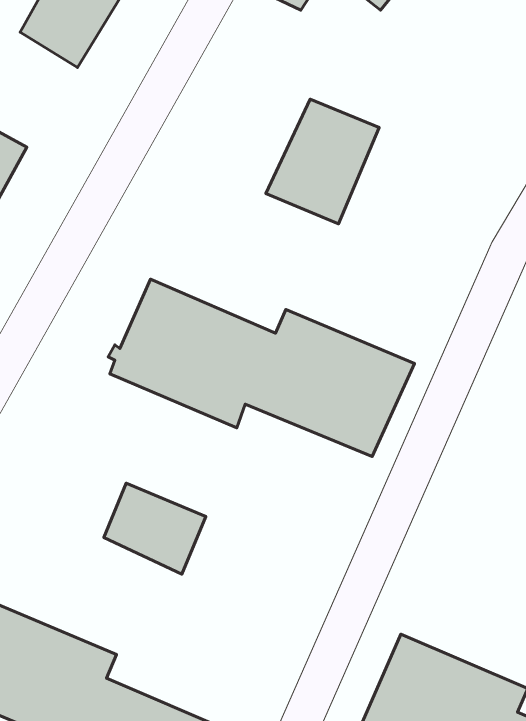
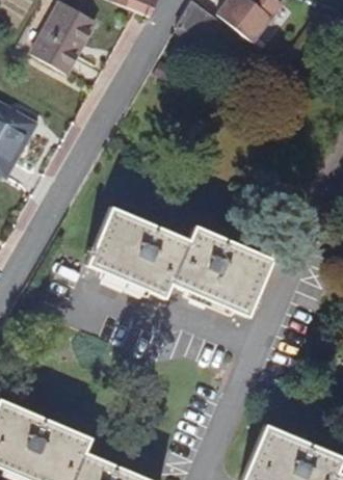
building: [266,99,379,224] -> none
building: [104,483,206,574] -> none

